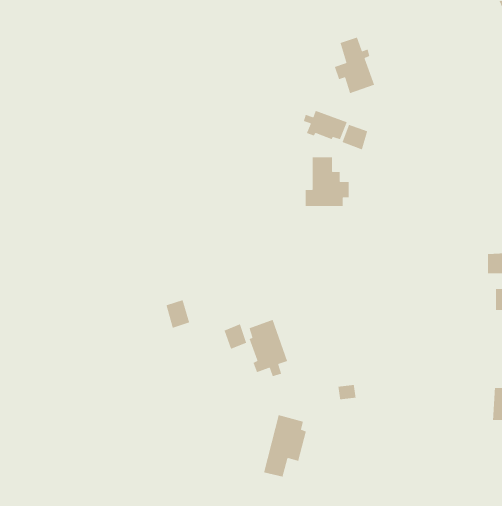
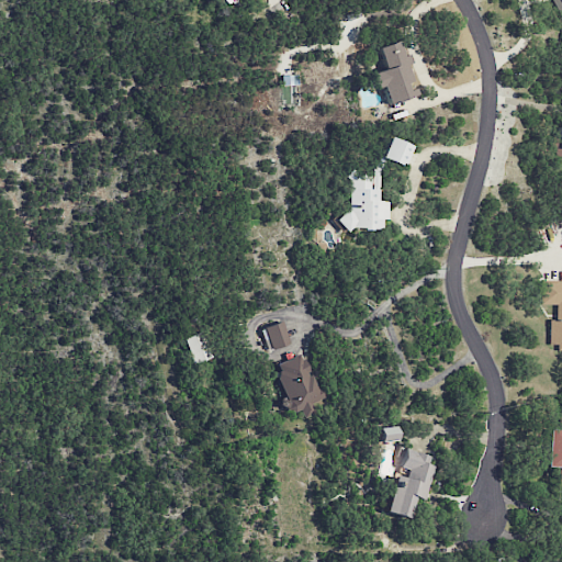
building: [303,110,348,140] -> none
building: [224,323,247,350] -> [267,321,293,350]
building: [263,414,307,478] -> [390,448,438,518]

